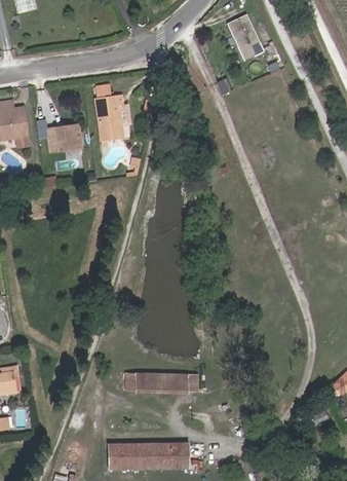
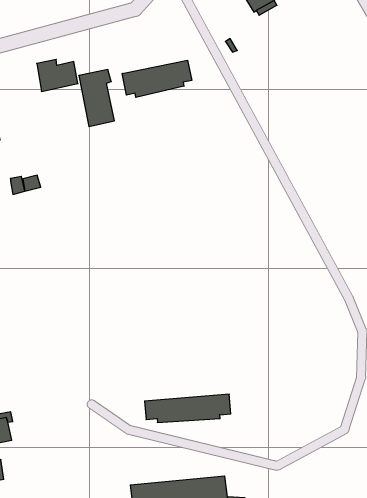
building: none -> [122,60,192,97]
building: [45,127,78,153] -> [37,59,78,91]

